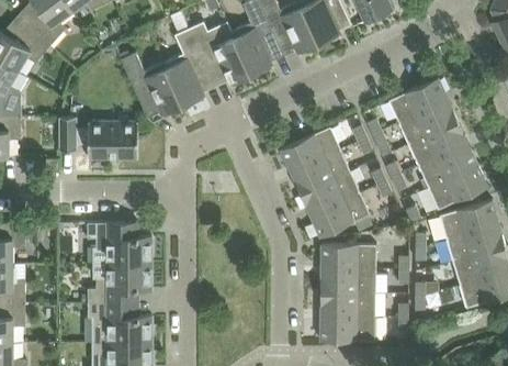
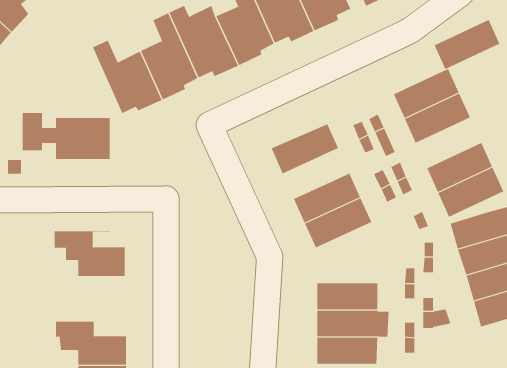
building: [408,122,467,167] -> [434,19,500,70]
building: [290,149,350,195] -> none
building: [320,245,375,269] -> none
building: [88,264,151,303] -> none

